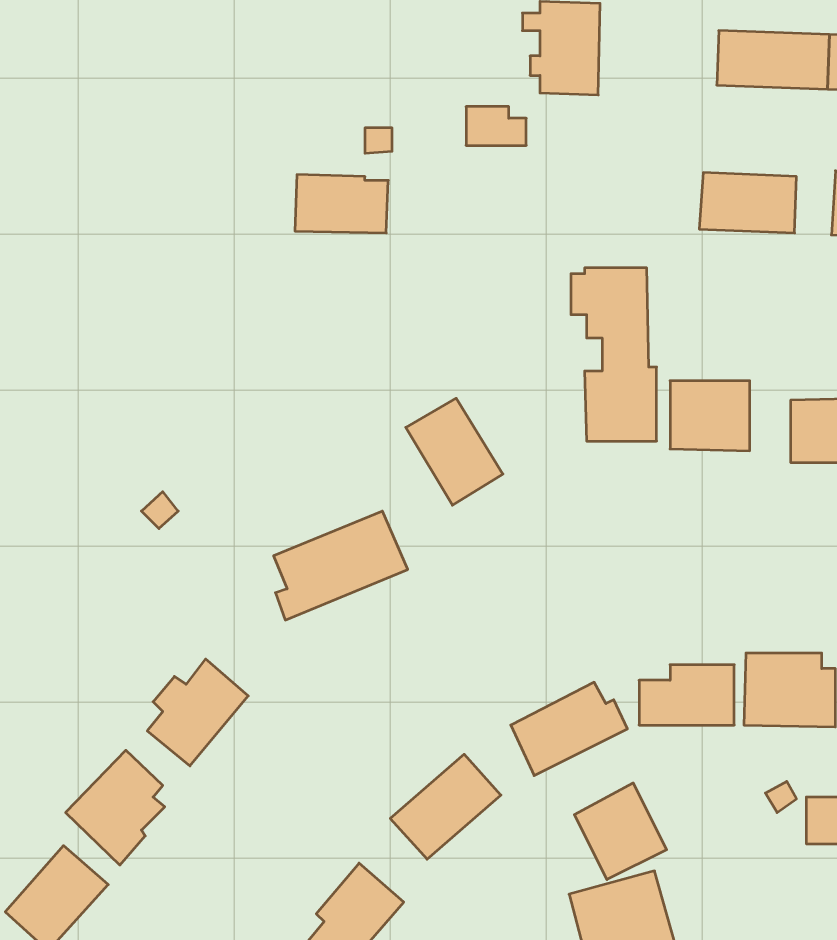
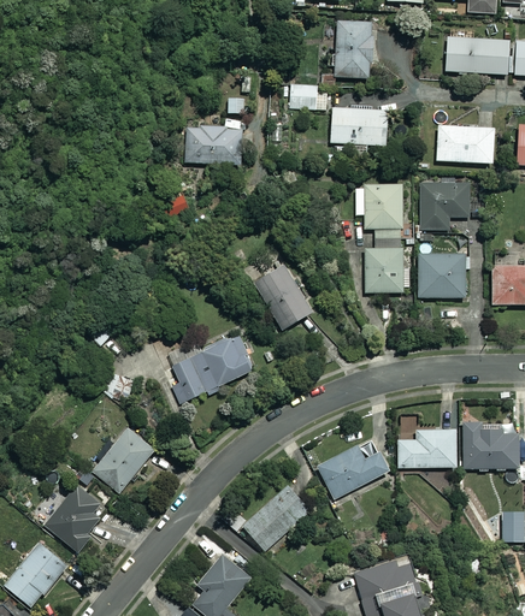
building: none -> [331,107,391,146]
building: none -> [420,182,470,231]
building: [574,783,667,880] -> none

